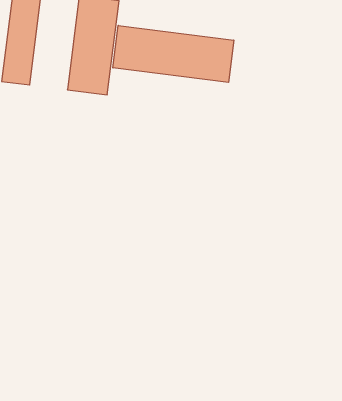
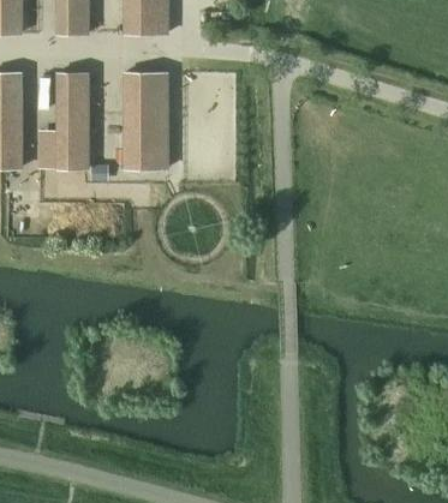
building: [113,25,234,82] -> none

